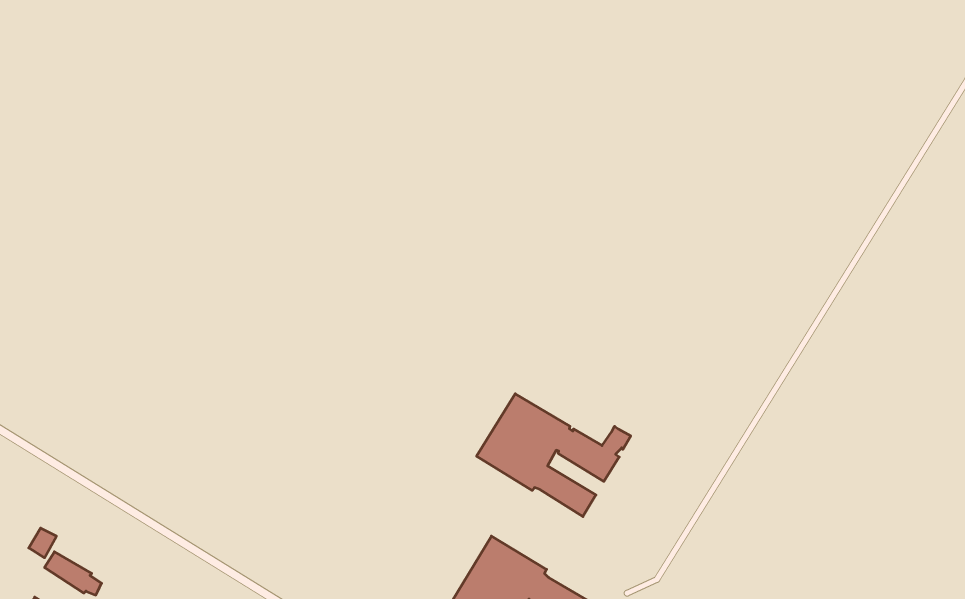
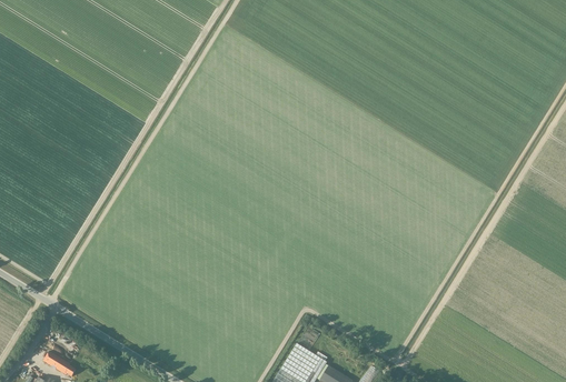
building: [477,394,631,517] -> none

